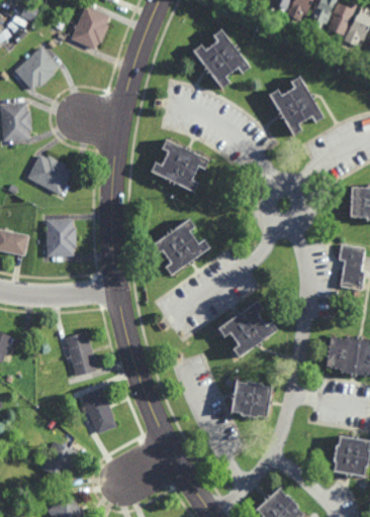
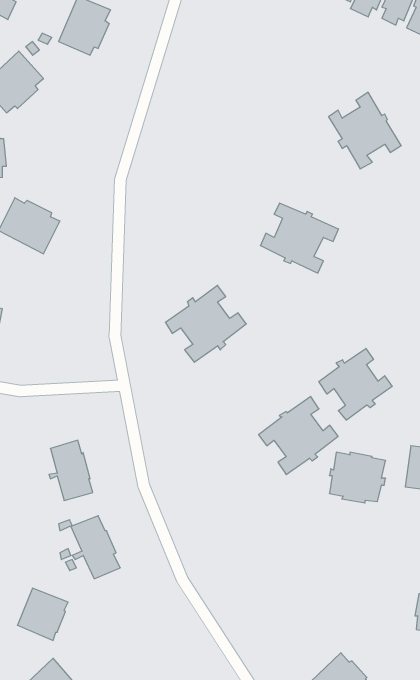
building: [193,31,250,90] -> none
building: [151,138,208,190] -> [260,203,339,273]
building: [45,219,76,257] -> none
building: none -> [319,348,392,420]
building: [230,381,272,418] -> [329,452,386,503]

